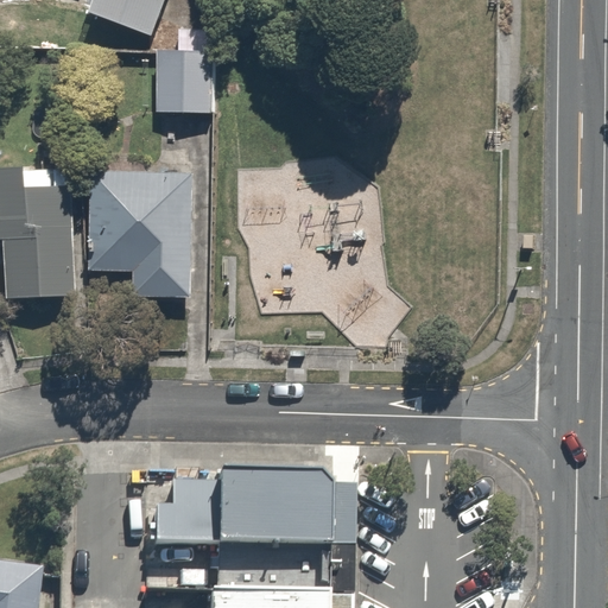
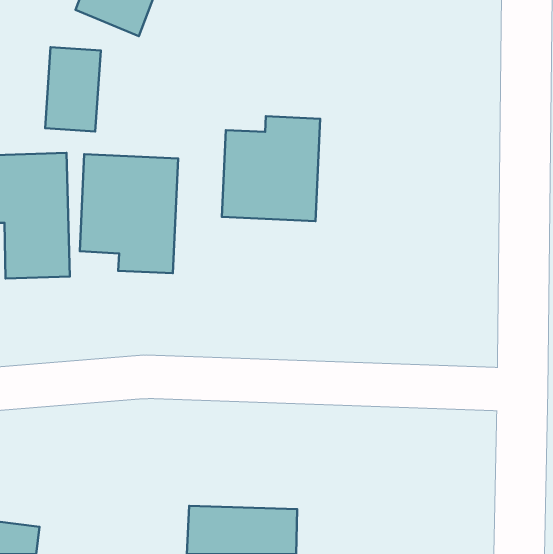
building: [153,25,214,116] -> [45,47,101,131]
building: none -> [222,116,320,221]
building: [171,468,342,550] -> none

